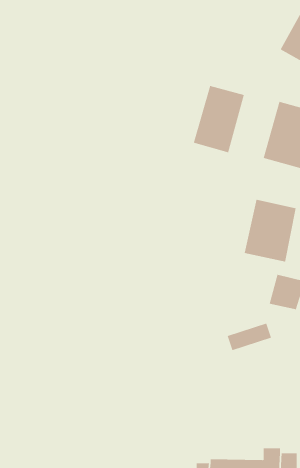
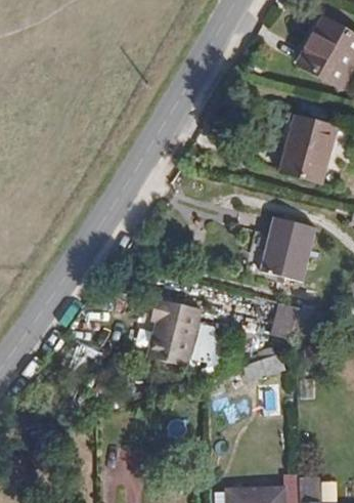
building: [193,85,245,153] -> none
building: none -> [150,297,202,366]

